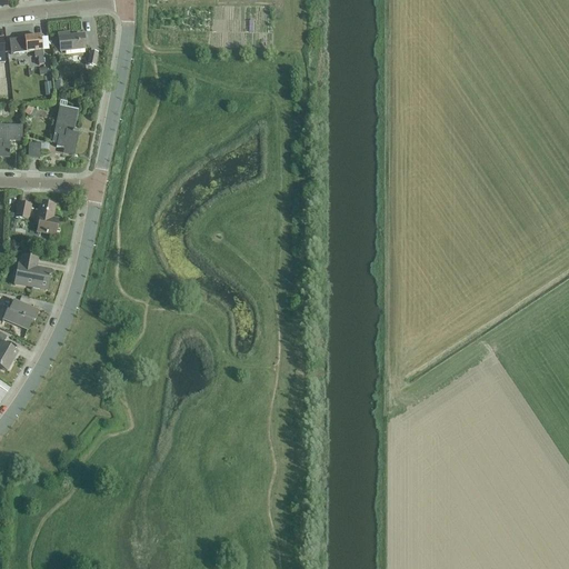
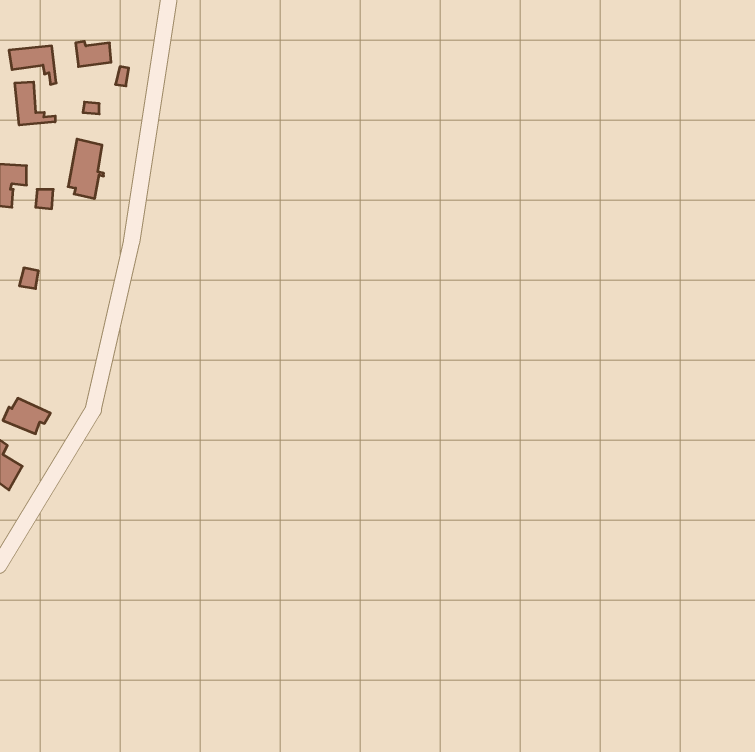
building: none -> [15,82,55,125]
building: [36,201,58,232] -> none
building: [14,253,50,288] -> none

